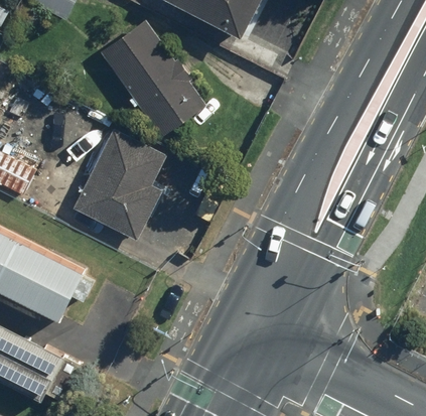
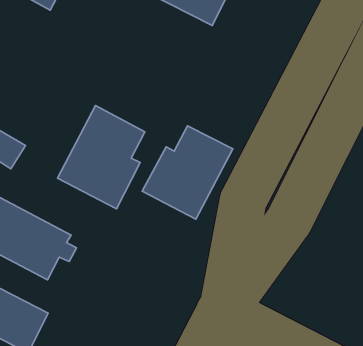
building: [97,18,202,137] -> none
building: none -> [142,126,233,219]

